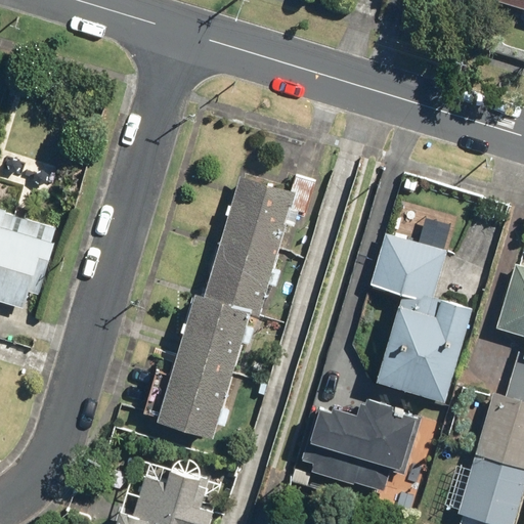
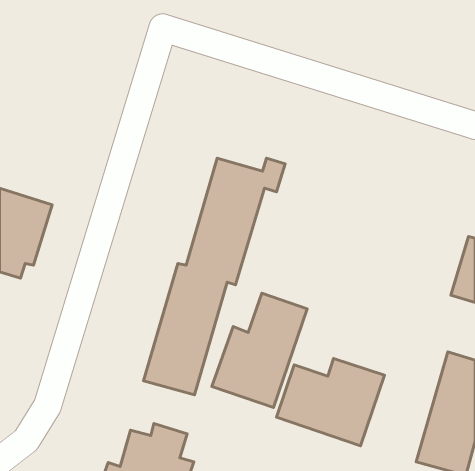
building: [370,223,472,401] -> none
building: none -> [212,293,307,407]

